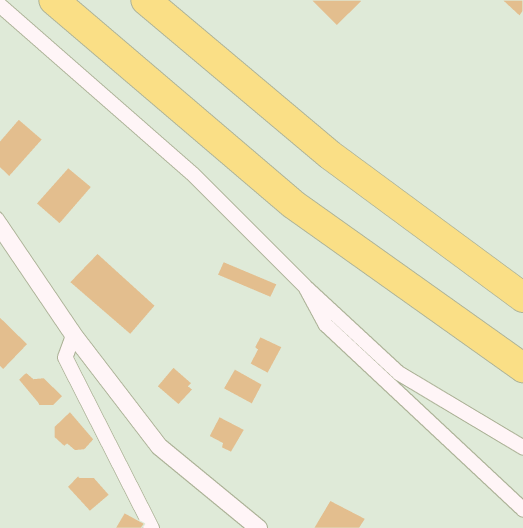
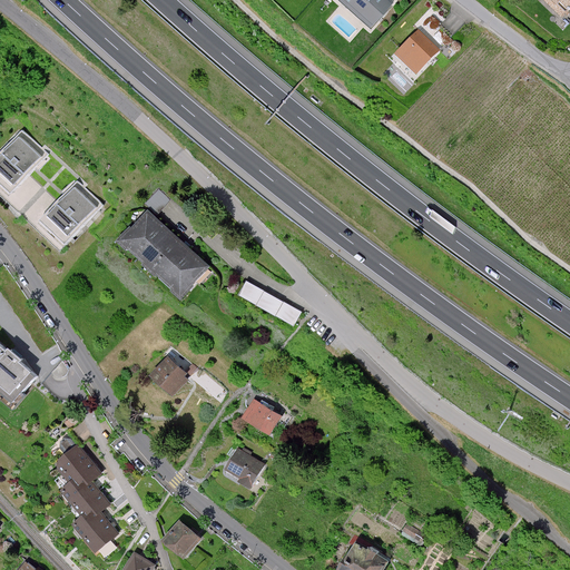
building: none -> [391,31,434,73]
building: [70,253,155,335] -> [117,209,209,297]
building: [250,337,282,374] -> none
building: [157,367,193,405] -> [150,354,189,395]
building: [18,373,63,406] -> [63,479,111,514]
building: none -> [164,520,203,559]

